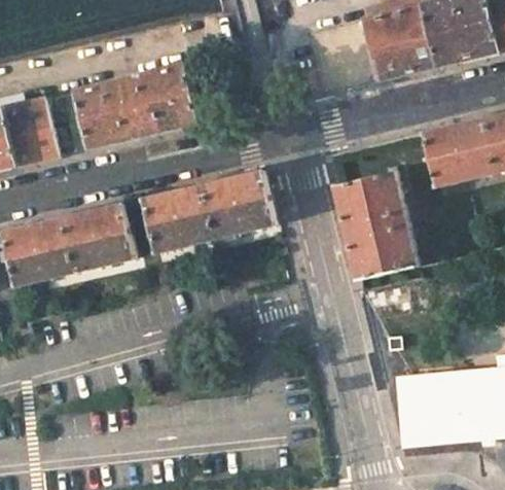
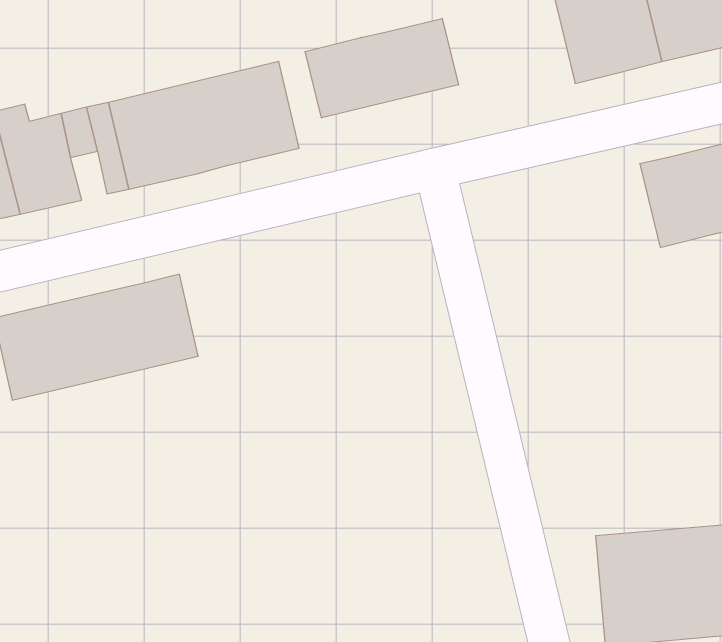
building: none -> [305,18,459,118]
building: [333,169,417,280] -> none
building: [140,171,277,253] -> none

